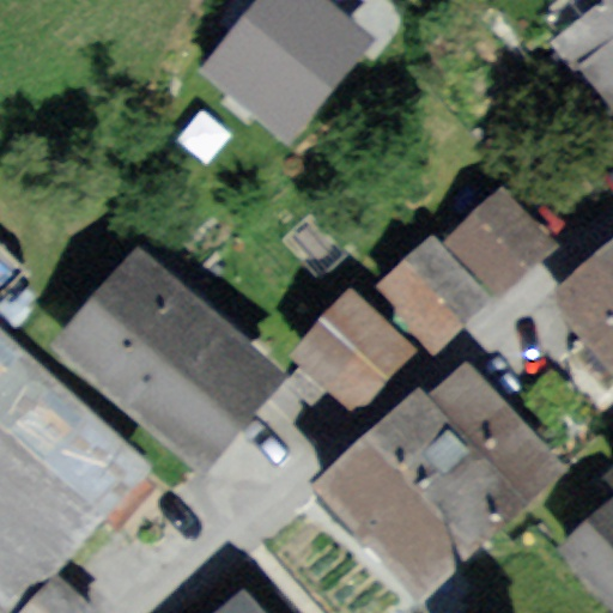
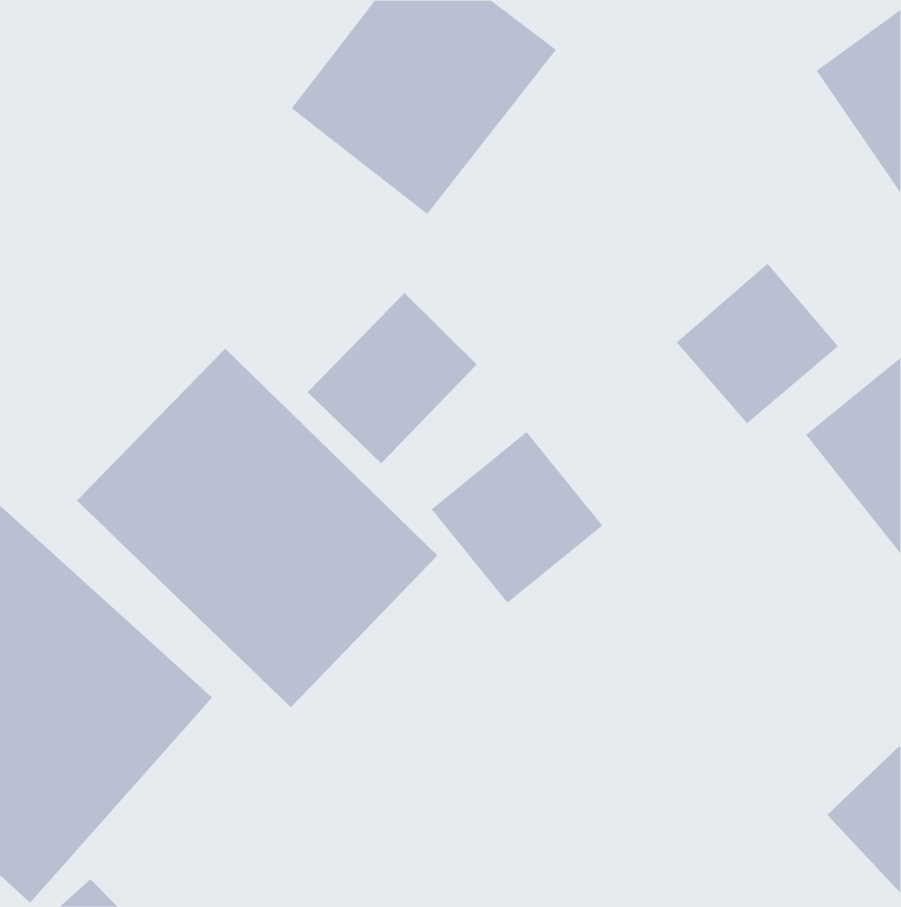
building: none -> [307,292,477,464]
building: [375,237,487,350] -> none
building: [322,356,565,590] -> none

